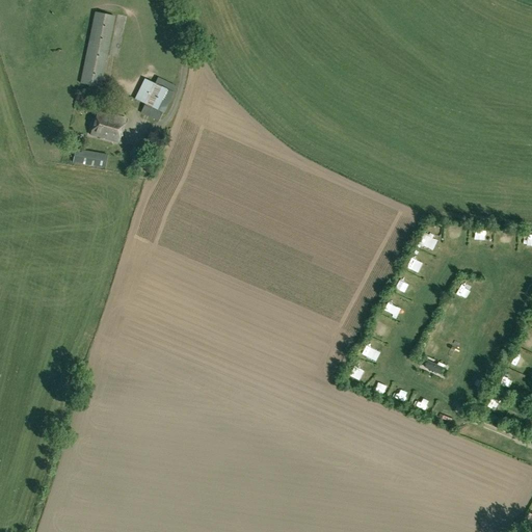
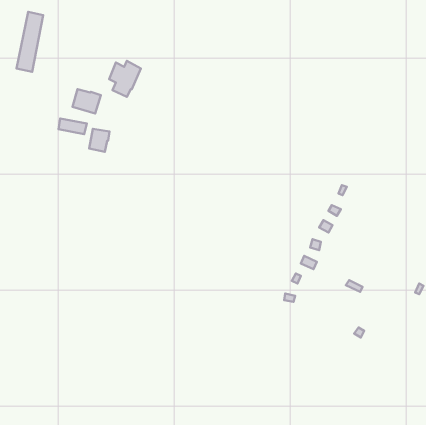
building: [81,11,114,86] -> [16,12,43,72]
building: none -> [89,129,109,152]

